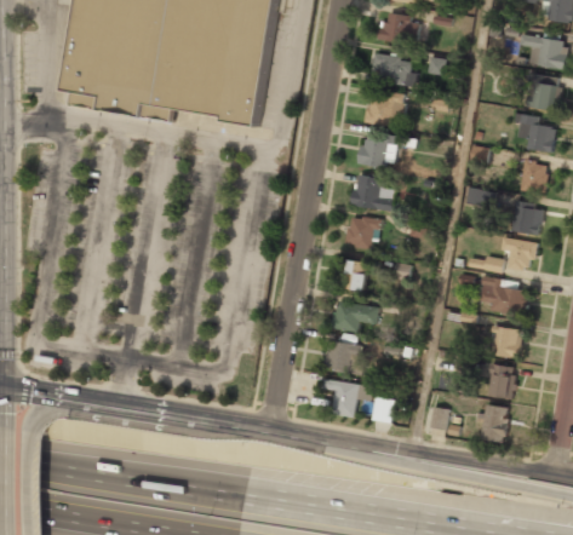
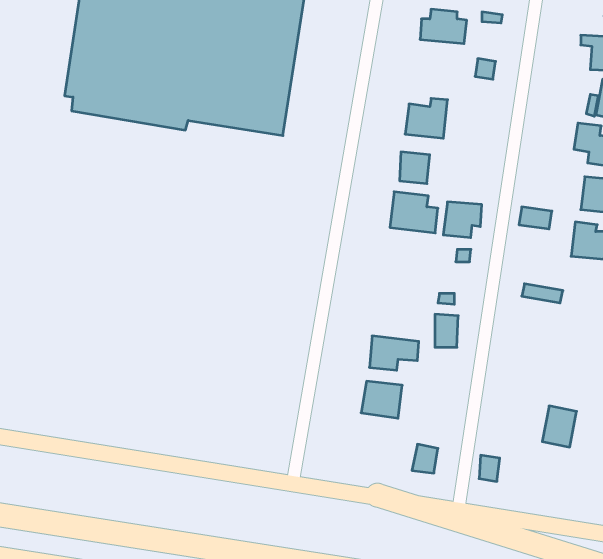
building: [369,52,417,87] -> none
building: [345,217,379,248] -> [443,202,482,238]
building: [500,238,534,270] -> none
building: [345,260,366,289] -> [435,314,458,347]
building: [479,276,526,316] -> none
building: [491,326,520,358] -> none
building: [322,379,372,418] -> none
building: [475,404,509,443] -> none

